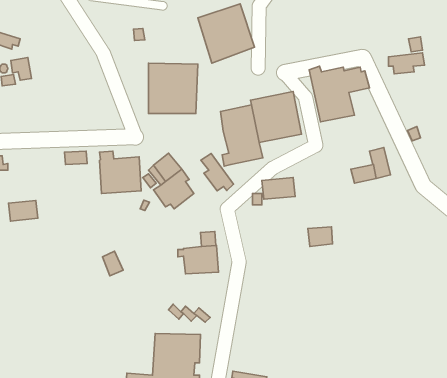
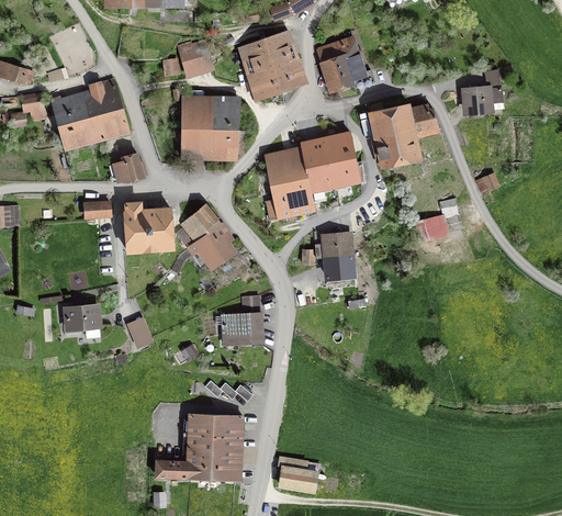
building: none -> [318,40,374,92]
building: none -> [179,42,210,70]
building: none -> [53,79,130,148]
building: none -> [110,154,146,182]
building: [201,153,234,191] -> none
building: [8,200,38,221] -> [66,305,100,329]
building: [308,227,332,247] -> [325,255,353,278]

